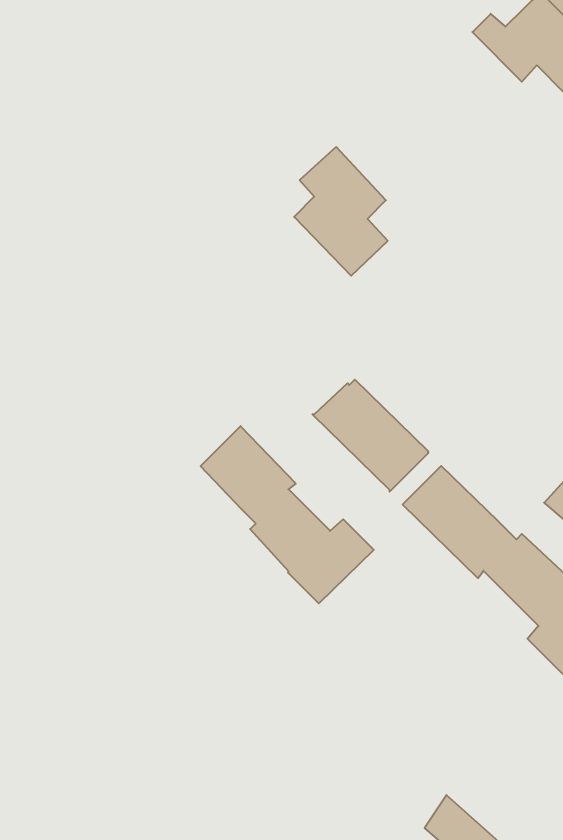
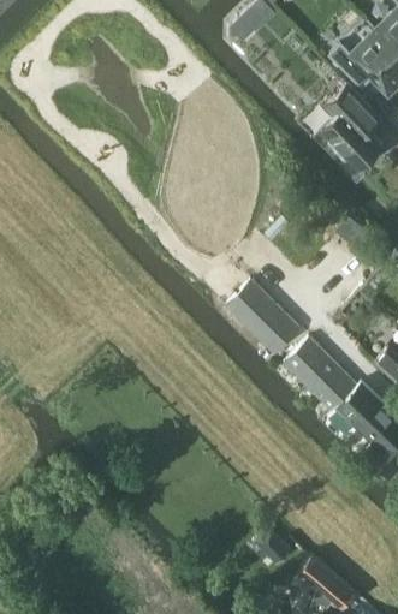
building: [294,147,388,276] -> [321,84,382,168]
building: [201,426,374,603] -> none

